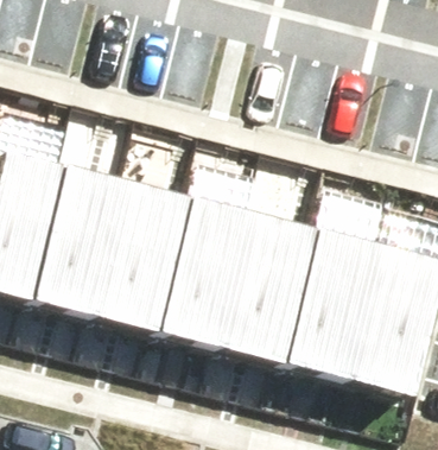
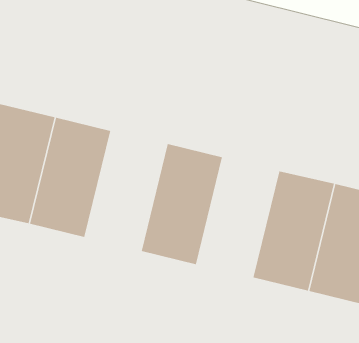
building: [101,189,193,325] -> none
building: [227,218,319,355] -> none

